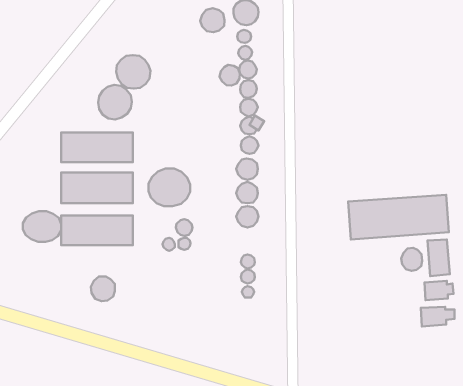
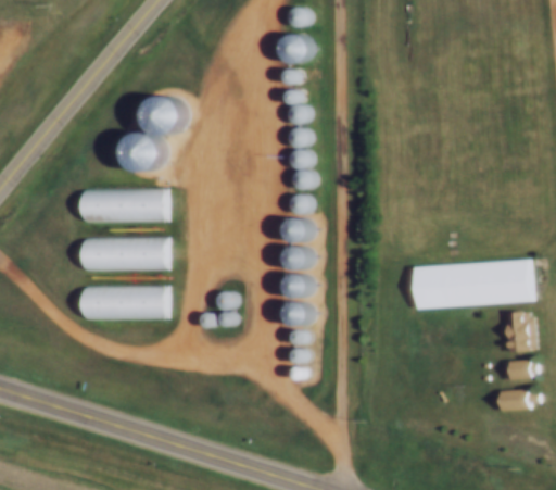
building: [200,8,225,32] -> none
building: [220,65,240,86] -> none
building: [149,169,190,206] -> none
building: [23,211,61,242] -> none
building: none -> [287,300,312,325]
building: [401,248,422,271] -> none
building: [91,276,115,301] -> none

